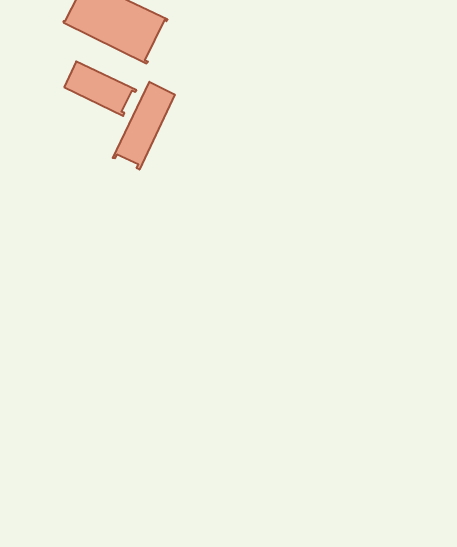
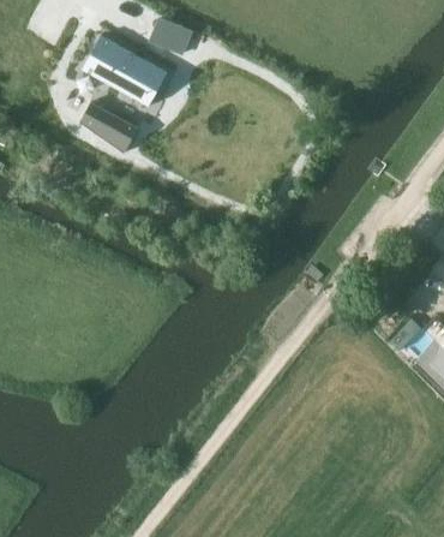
building: [113,82,175,170] -> none

